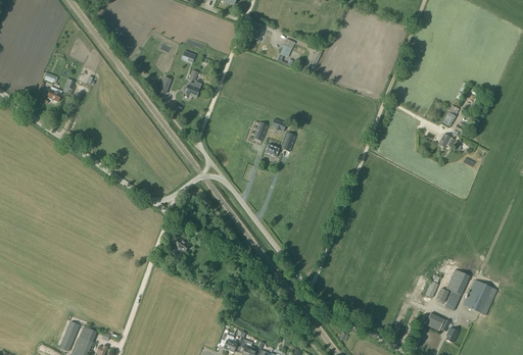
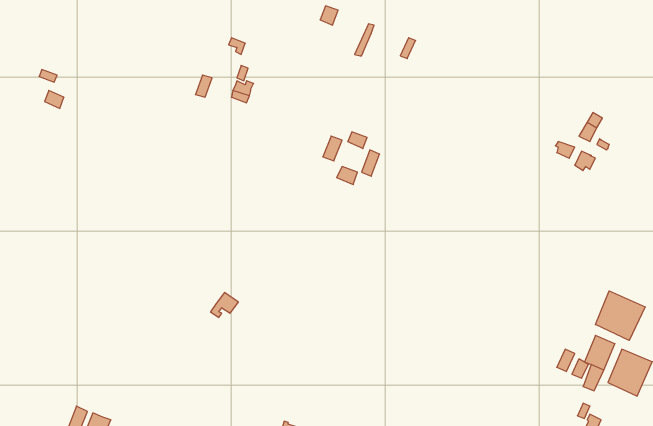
building: none -> [595,291,645,340]

